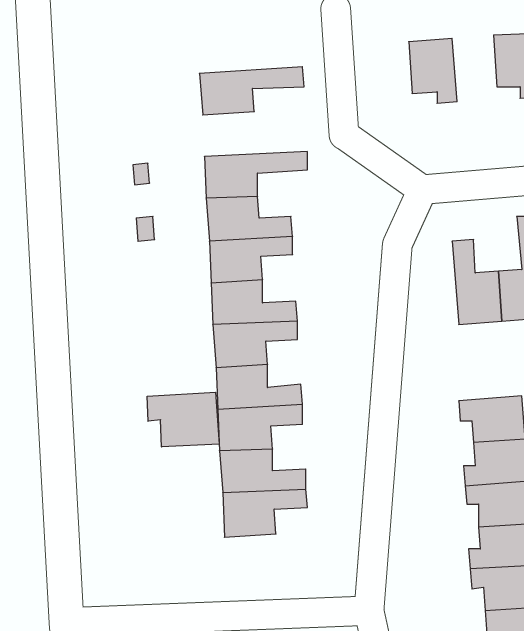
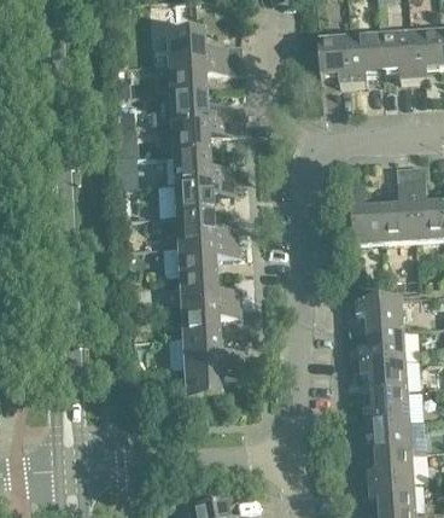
building: none -> [164,27,240,60]
building: none -> [349,33,381,81]
building: none -> [168,88,244,121]
building: [147,392,219,447] -> none

